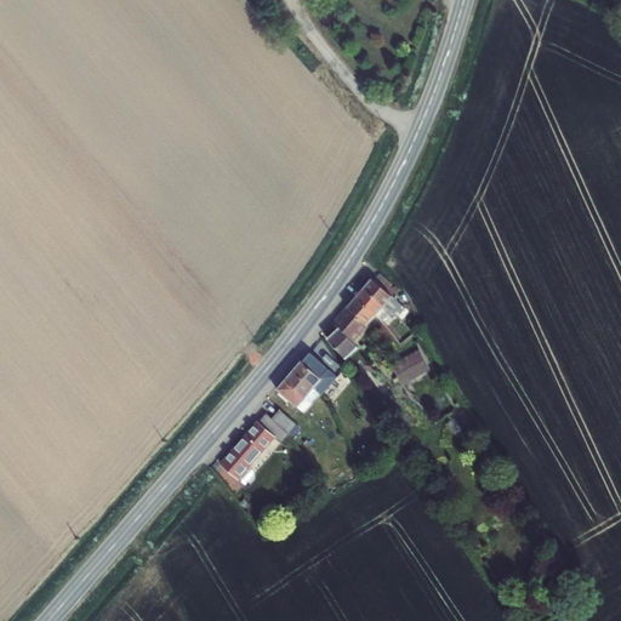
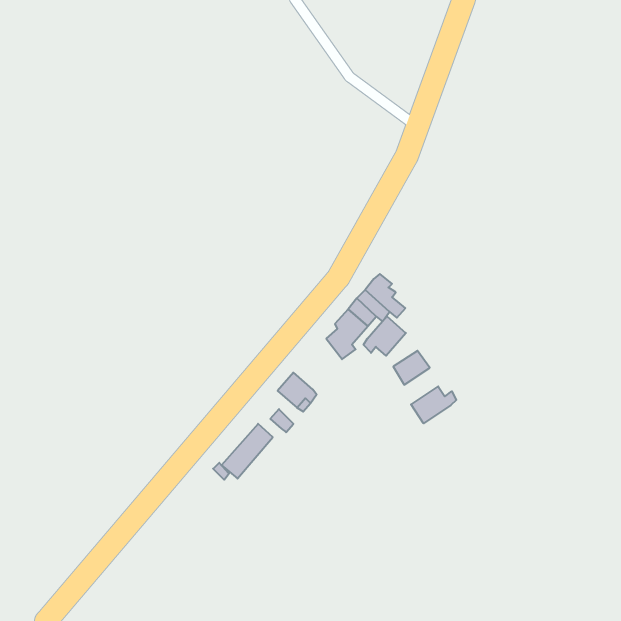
building: none -> [364,316,406,356]
building: [292,358,329,393] -> none
building: none -> [411,386,456,423]

